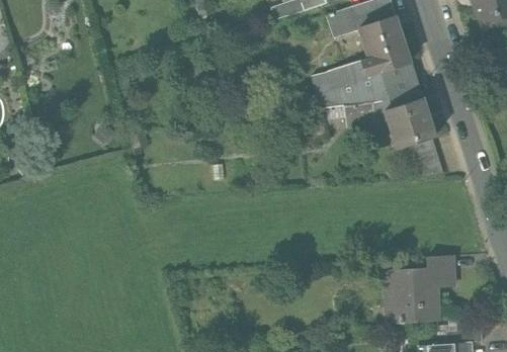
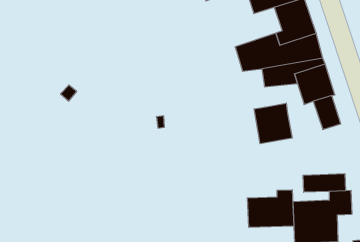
building: none -> [254,103,292,144]
building: none -> [303,174,346,192]
building: none -> [248,190,294,227]

